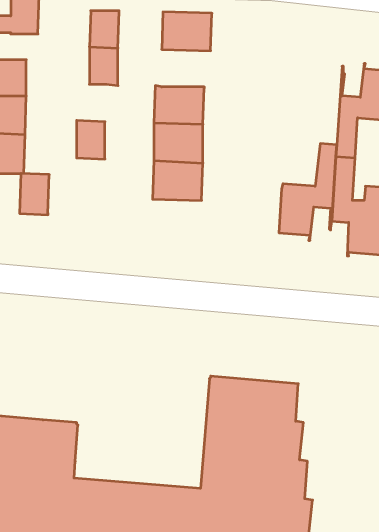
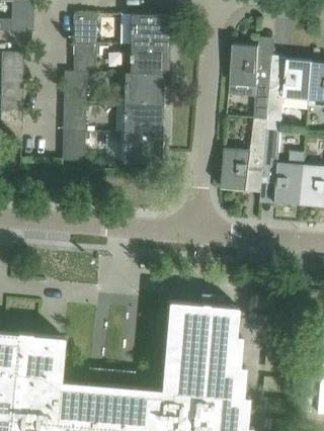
building: none -> [230,42,271,119]
building: none -> [130,45,168,76]
building: none -> [63,72,86,101]
building: [20,173,49,215] -> [62,130,85,162]

